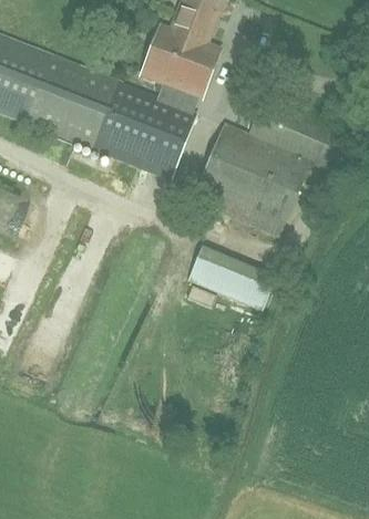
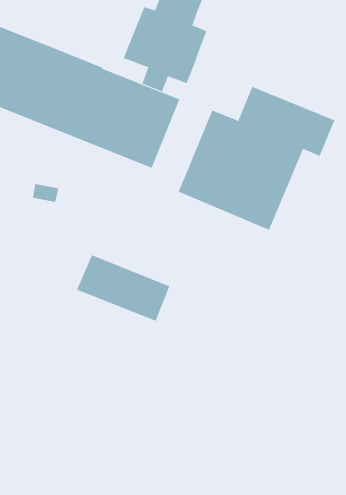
building: [188,247,277,310] -> [76,254,170,321]

